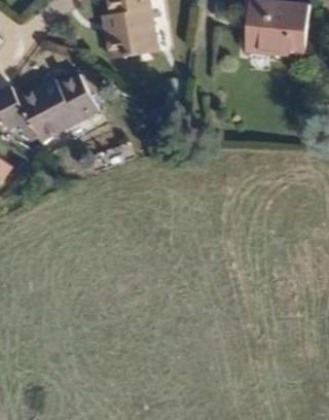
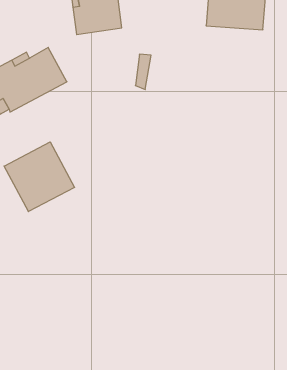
building: none -> [4,142,75,212]

